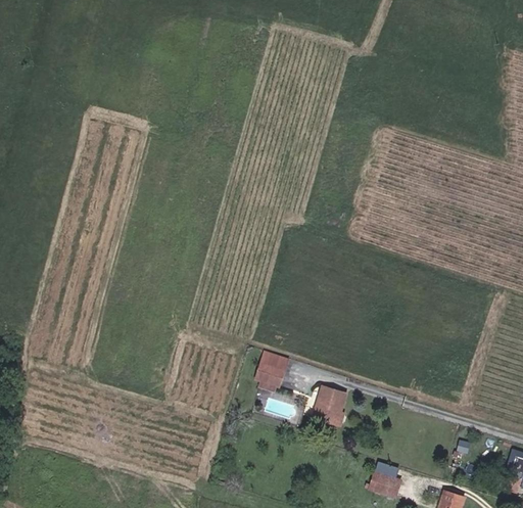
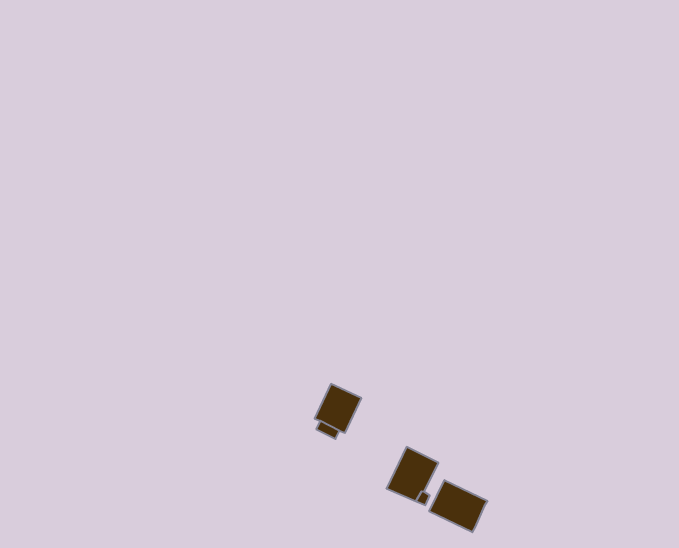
building: none -> [429,480,487,532]

